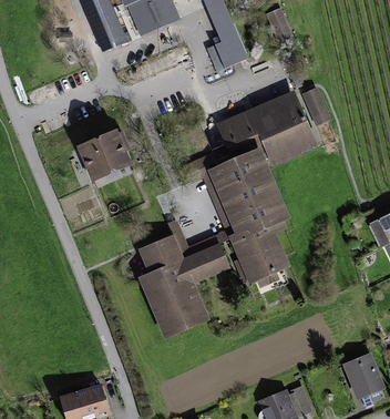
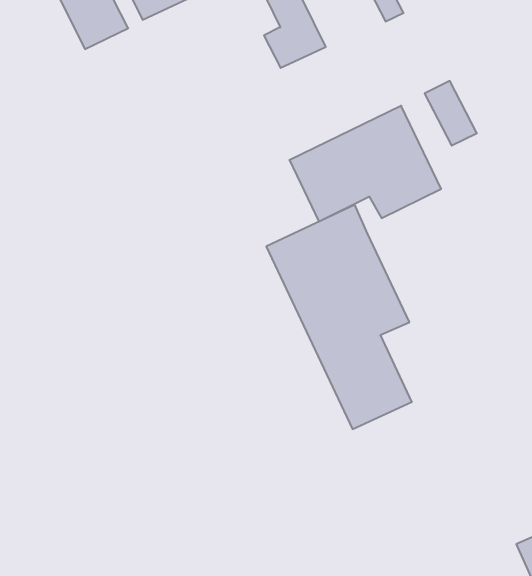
building: [78,130,129,181] -> none
building: [138,231,227,331] -> none

